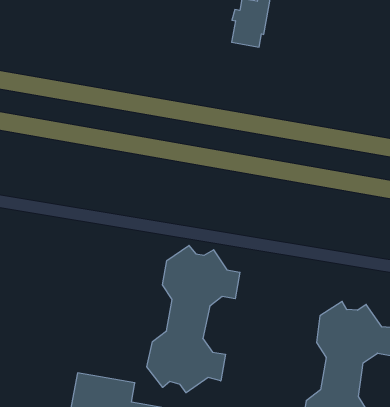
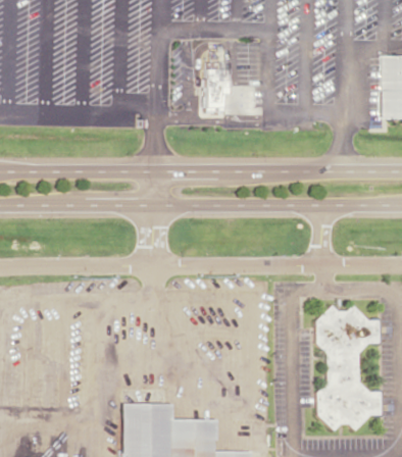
building: [147,245,240,393] -> none

